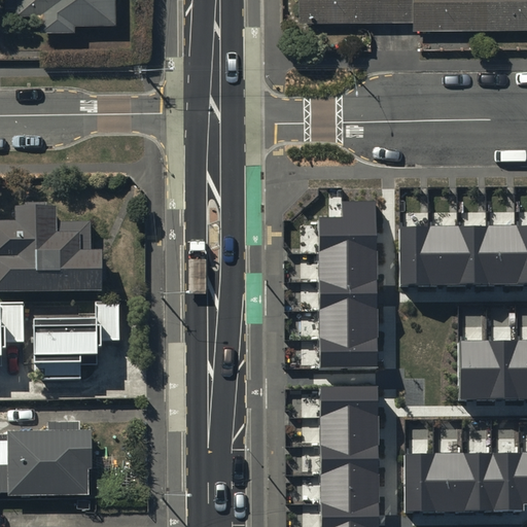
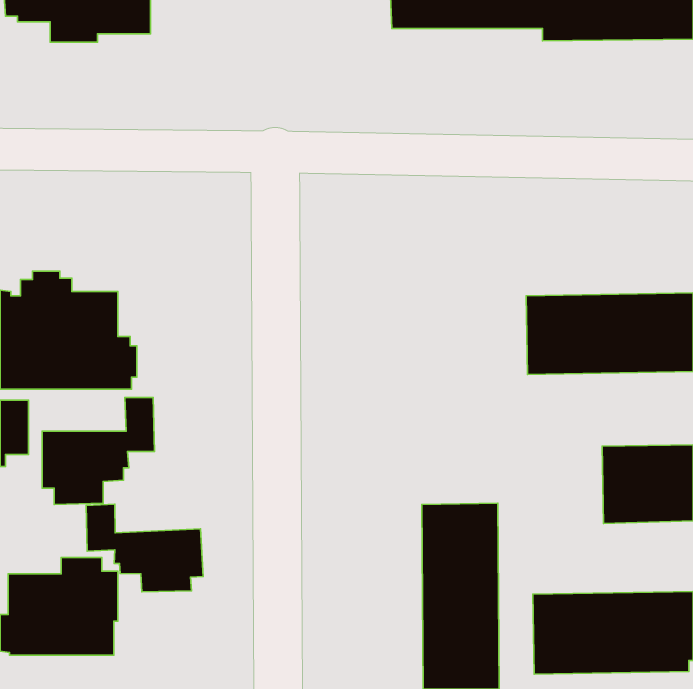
building: [319,199,378,365] -> none
building: none -> [86,504,203,592]

